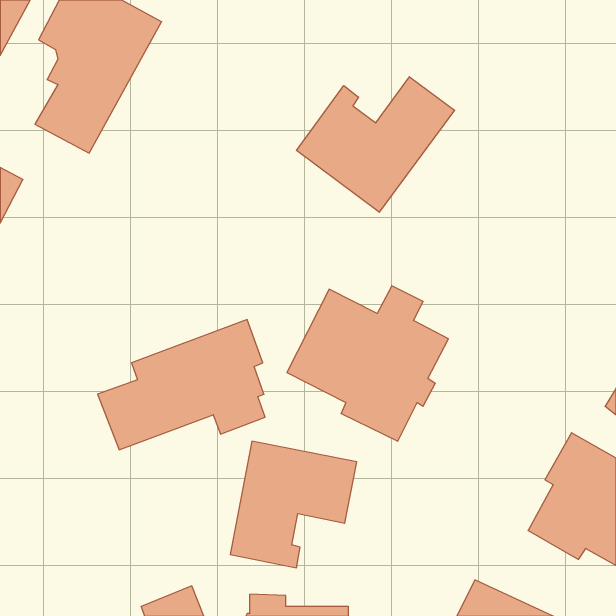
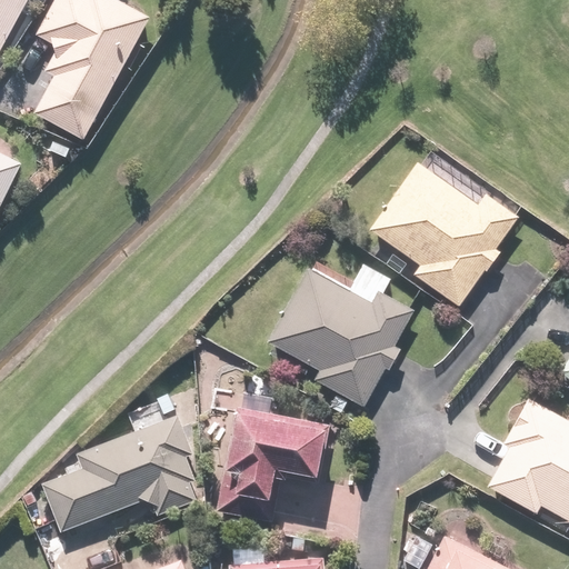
building: [296,77,455,212] -> none
building: none -> [363,149,517,310]
building: [98,320,265,450] -> [41,415,196,535]

